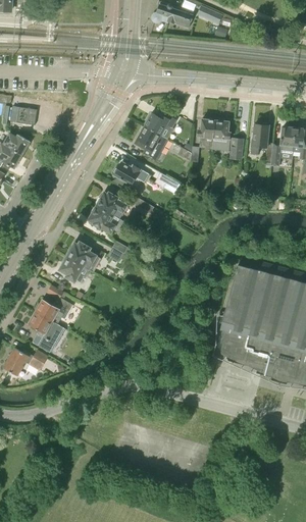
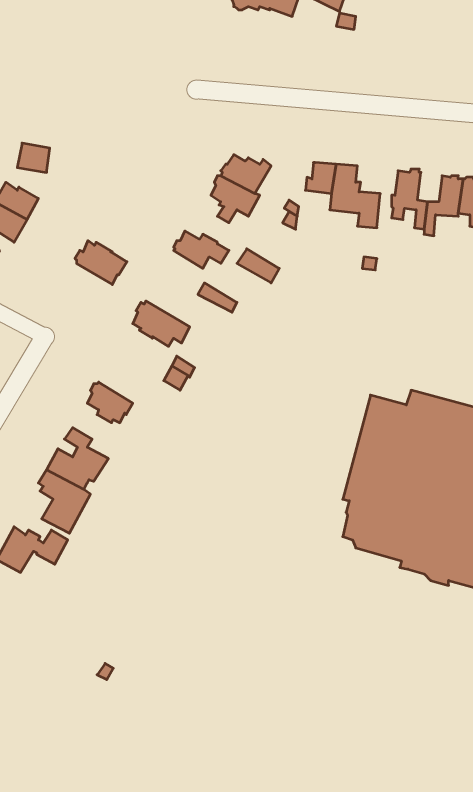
building: [96,192,129,219] -> [75,241,127,285]
building: [66,242,101,272] -> none

